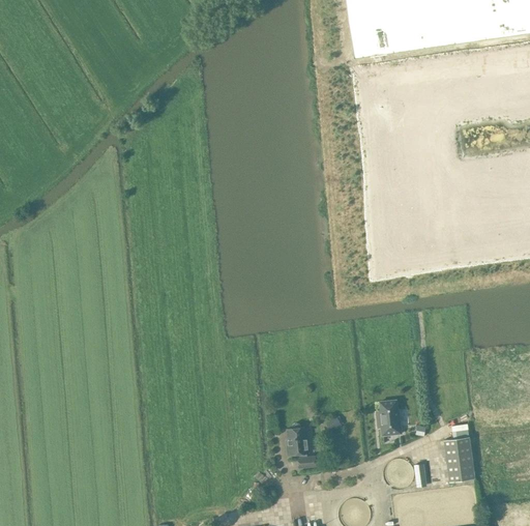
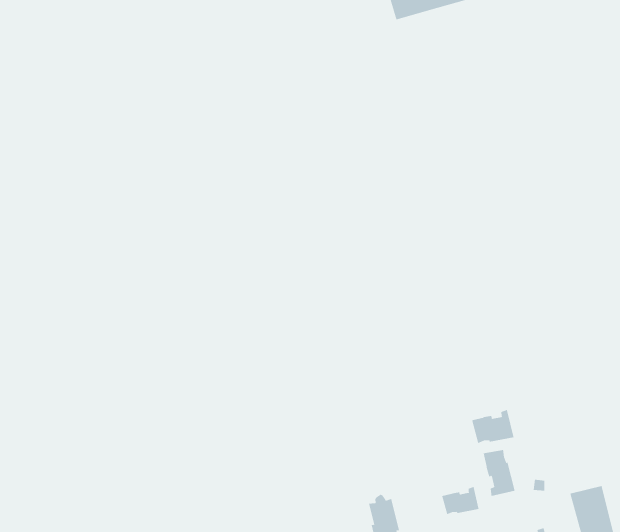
building: none -> [472,409,514,444]
building: none -> [442,486,479,515]

